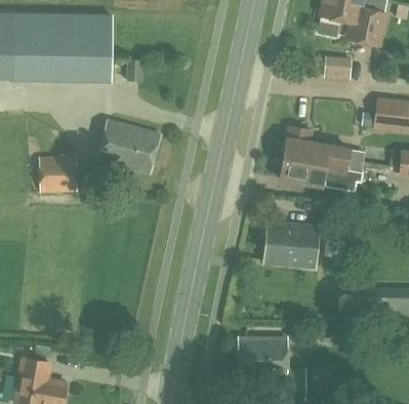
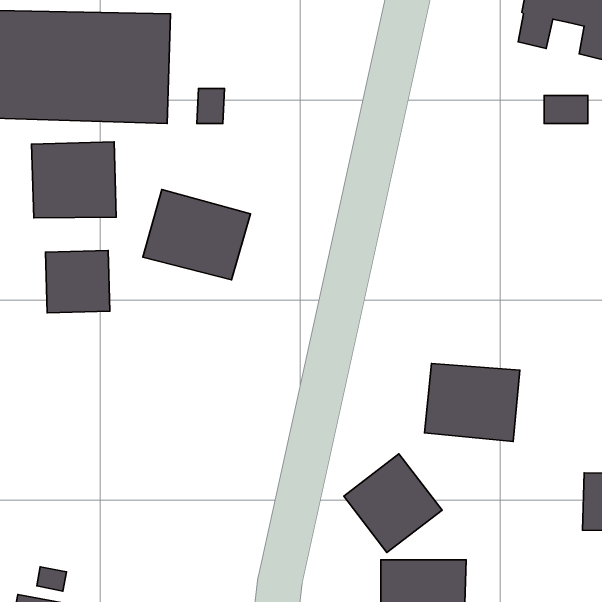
building: none -> [32,142,116,218]
building: [280,126,362,190] -> none
building: none -> [344,454,442,553]

